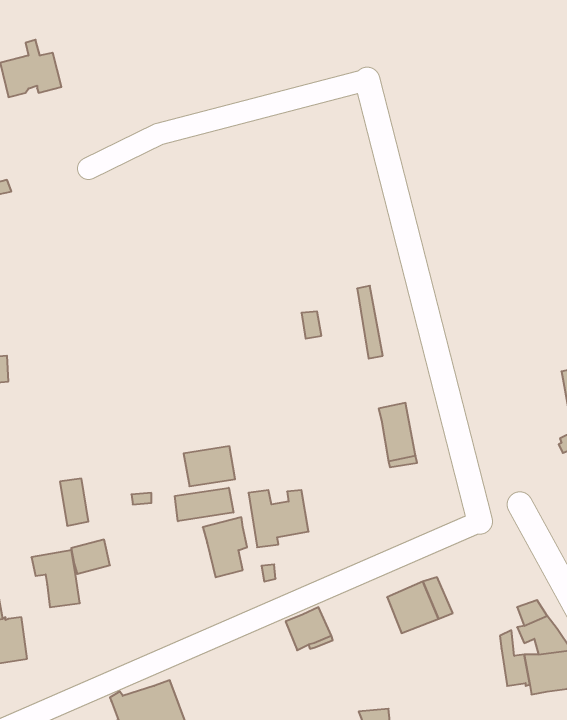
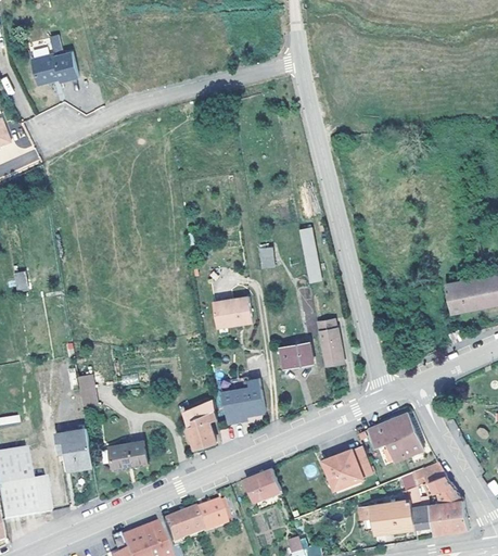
building: none -> [282,340,311,364]
building: [184,446,235,486] -> [213,296,252,327]
building: [175,488,233,521] -> none
building: none -> [369,414,423,462]
building: [71,540,110,574] -> [105,442,135,468]
building: none -> [163,501,229,547]
building: none -> [360,501,414,533]

